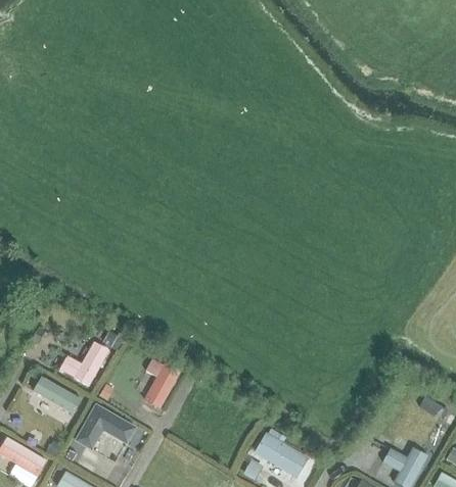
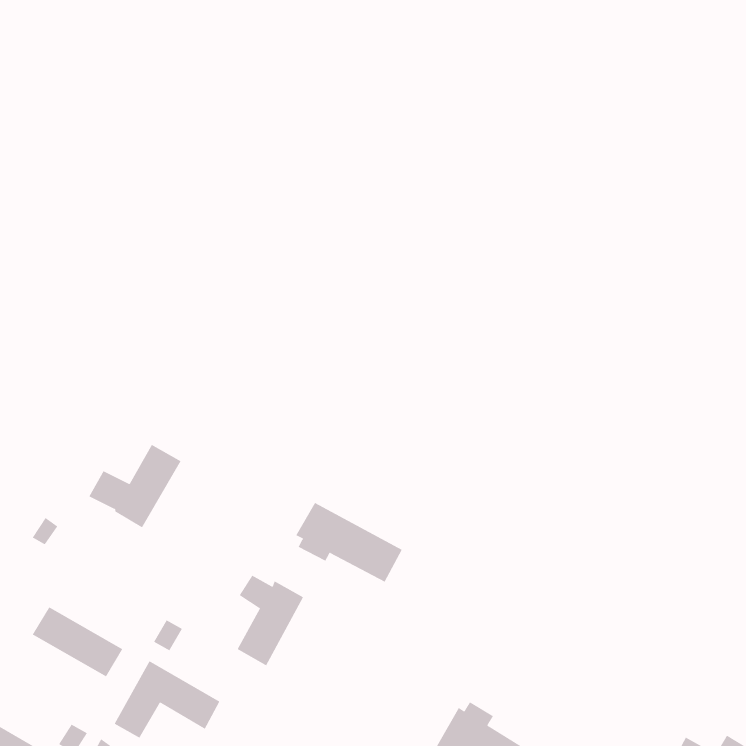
building: none -> [296,502,403,582]
building: [59,341,110,387] -> [88,444,181,528]

